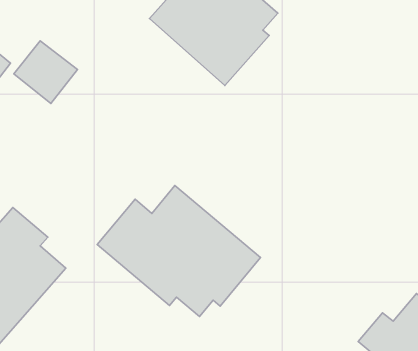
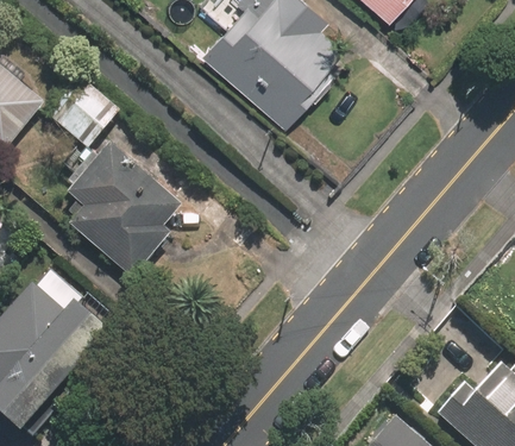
building: none -> [63,139,178,281]
building: [97,186,261,316] -> none

